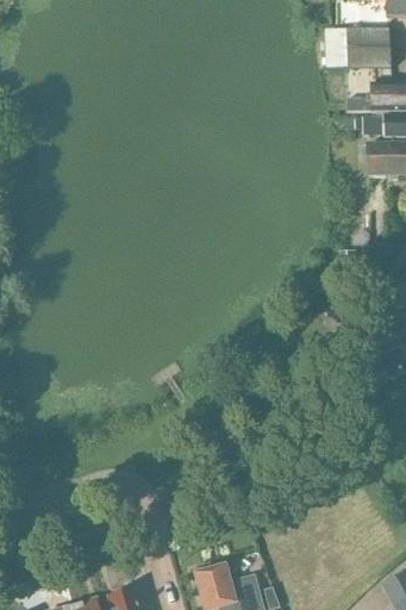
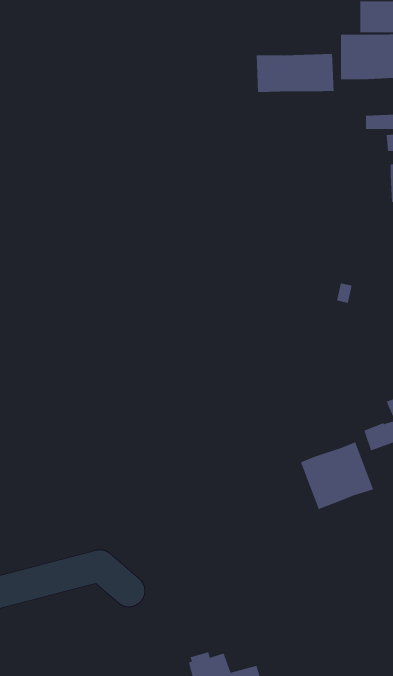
building: none -> [256,53,334,93]
building: none -> [300,442,374,510]

